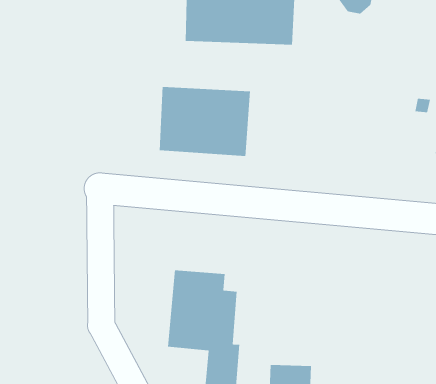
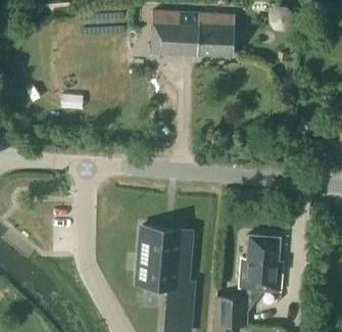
building: [159,86,250,157] -> none
building: none -> [239,235,283,291]

